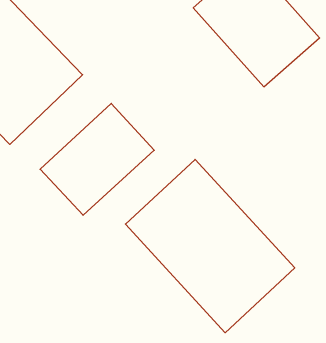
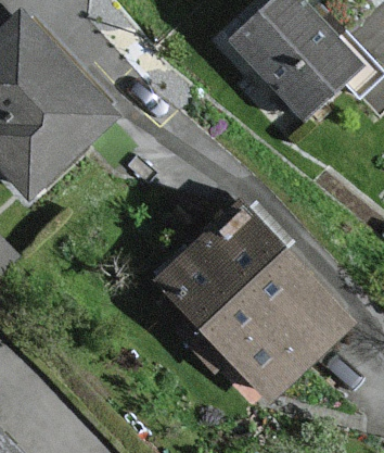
building: [40,103,154,215] -> none

